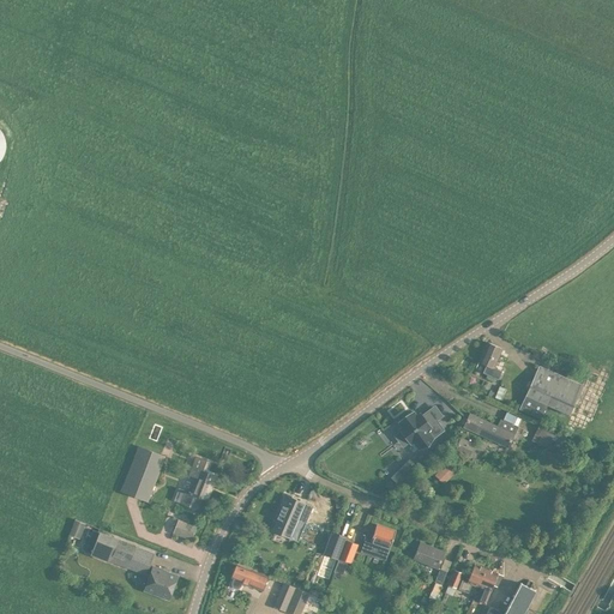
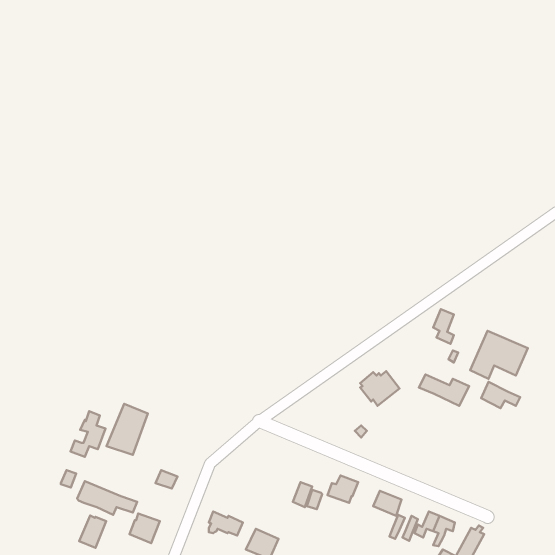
building: [176,457,215,507] -> [71,411,105,457]
building: [272,495,312,541] -> none
building: none -> [79,515,106,548]

